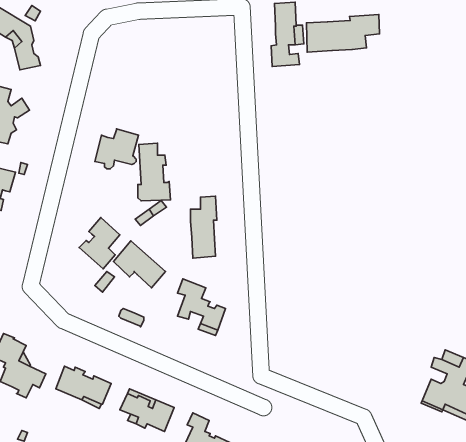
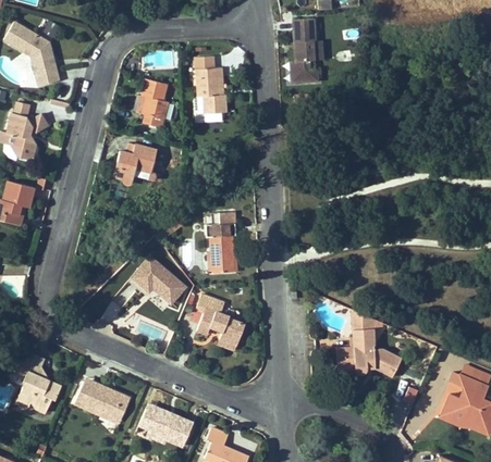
building: [306,14,380,52] -> none
building: none -> [136,78,169,126]
building: [138,143,170,201] -> [194,55,226,113]
building: [79,217,120,269] -> none
building: none -> [343,309,401,376]

